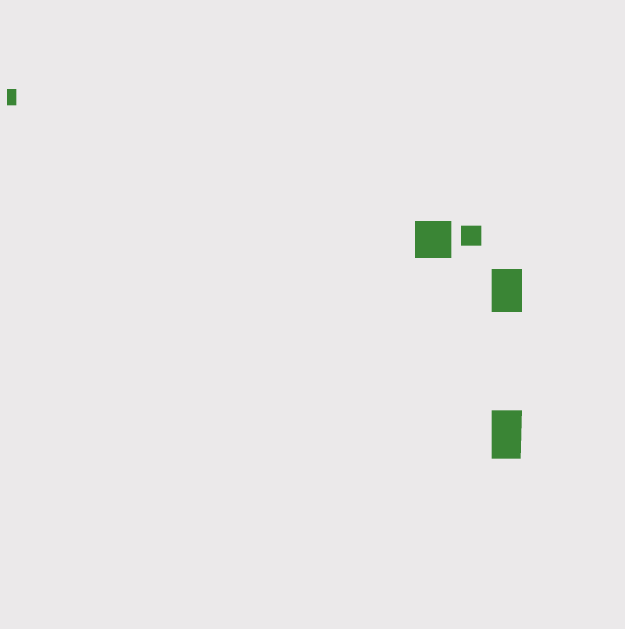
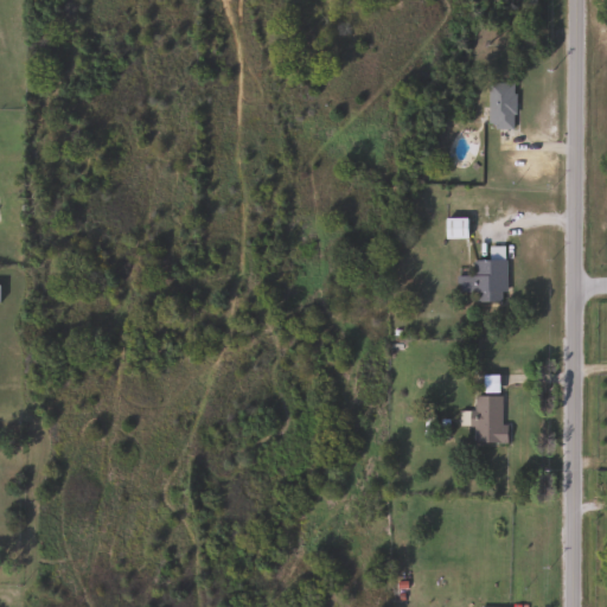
building: none -> [490,82,516,128]
building: [414,220,452,259] -> none

